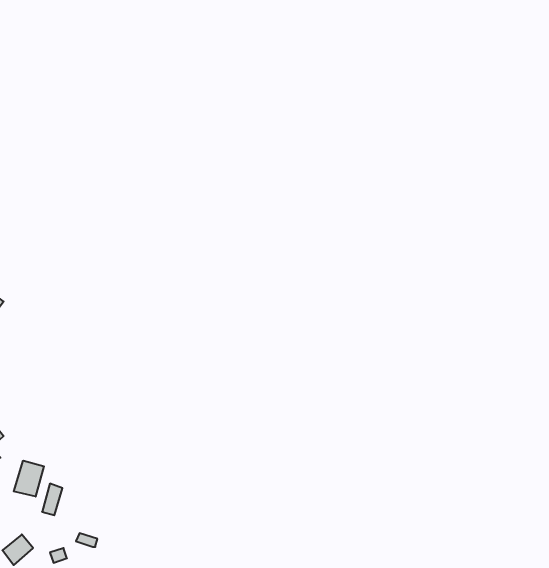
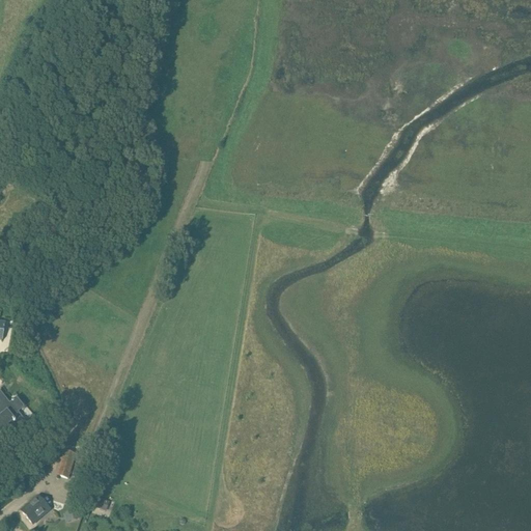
building: [14,461,44,497] -> none

